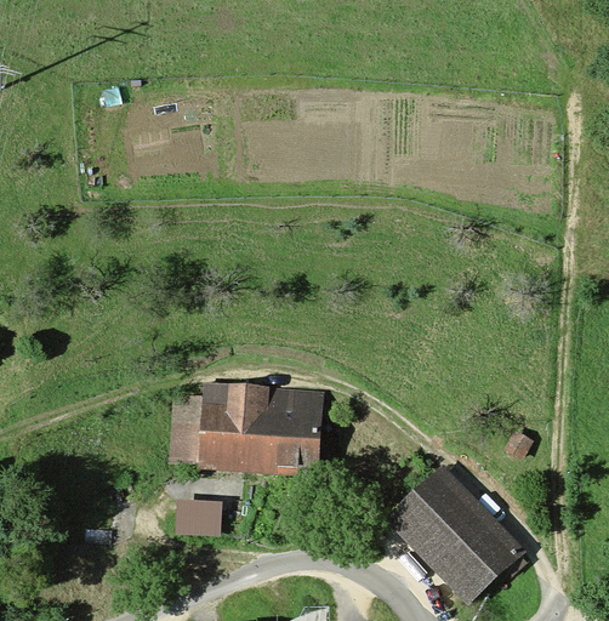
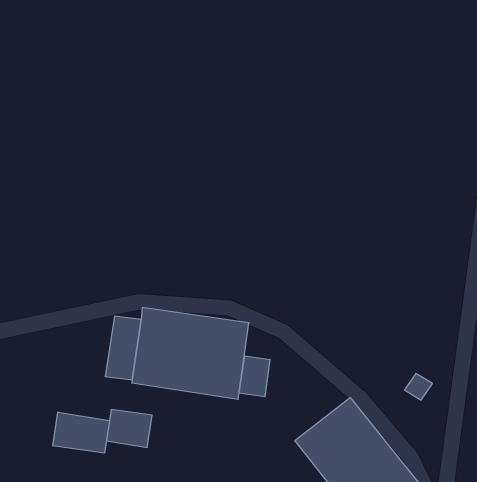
building: none -> [239,356,270,397]
building: none -> [53,412,109,453]

